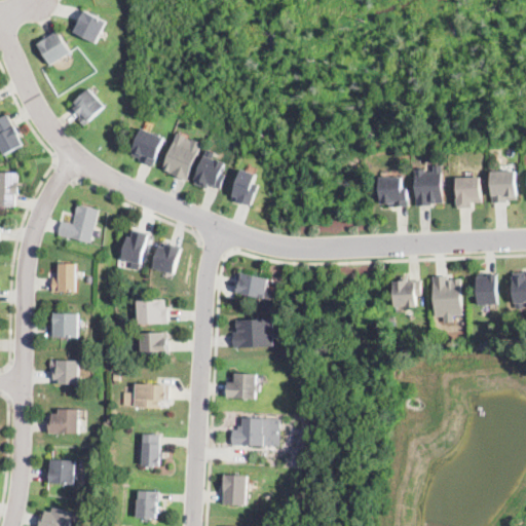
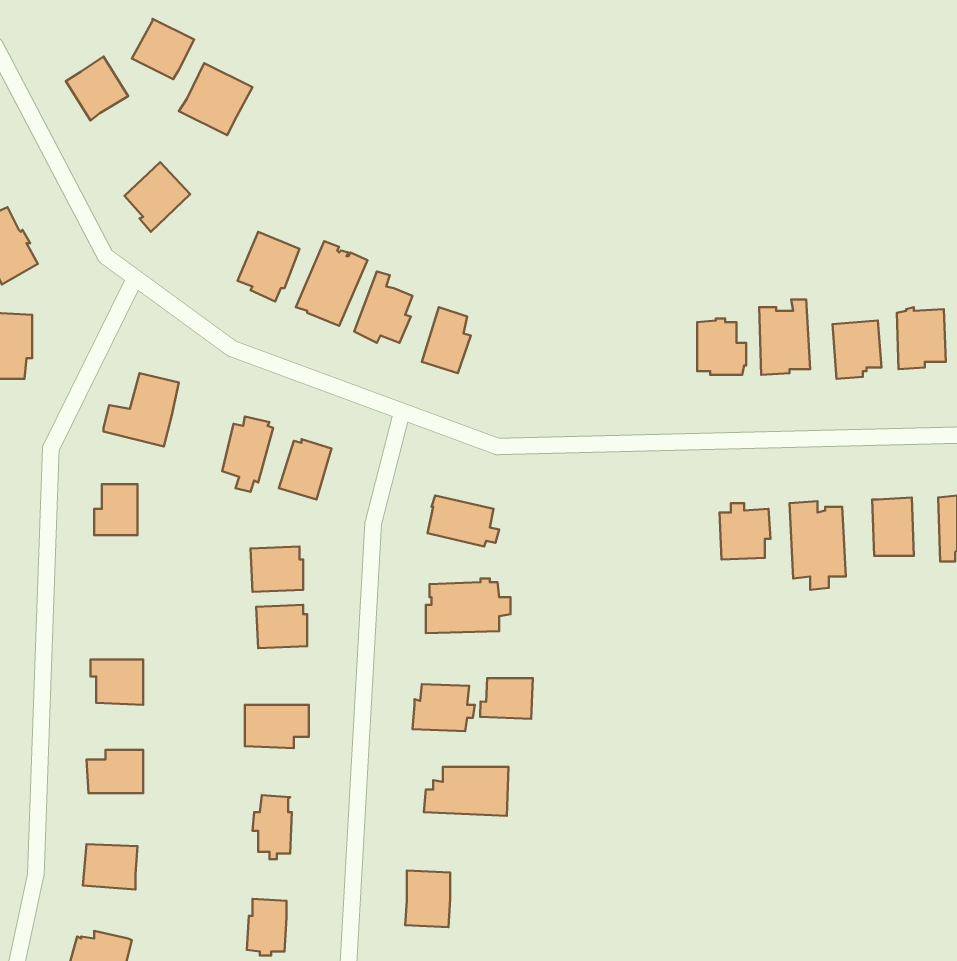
building: none -> [179,63,252,135]
building: [49,314,78,338] -> none
building: none -> [480,678,533,719]

